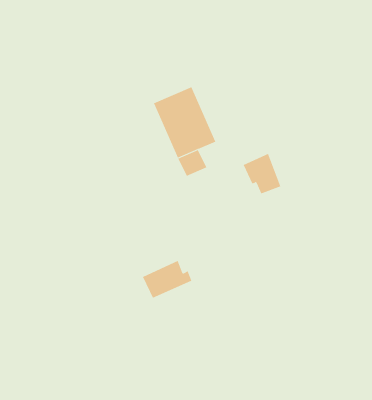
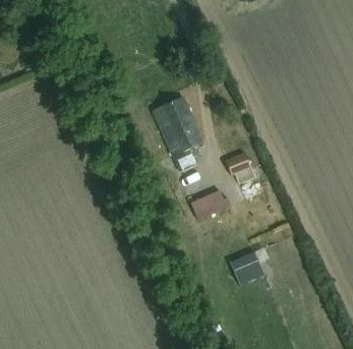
building: [142,260,192,299] -> [191,189,231,220]
building: none -> [229,250,264,285]

